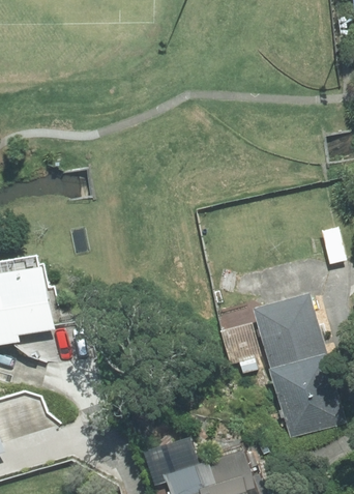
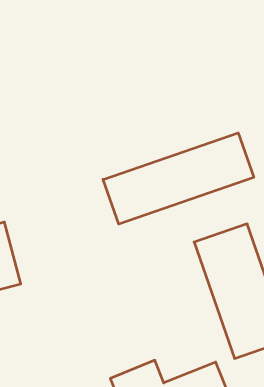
building: none -> [103,133,254,224]

